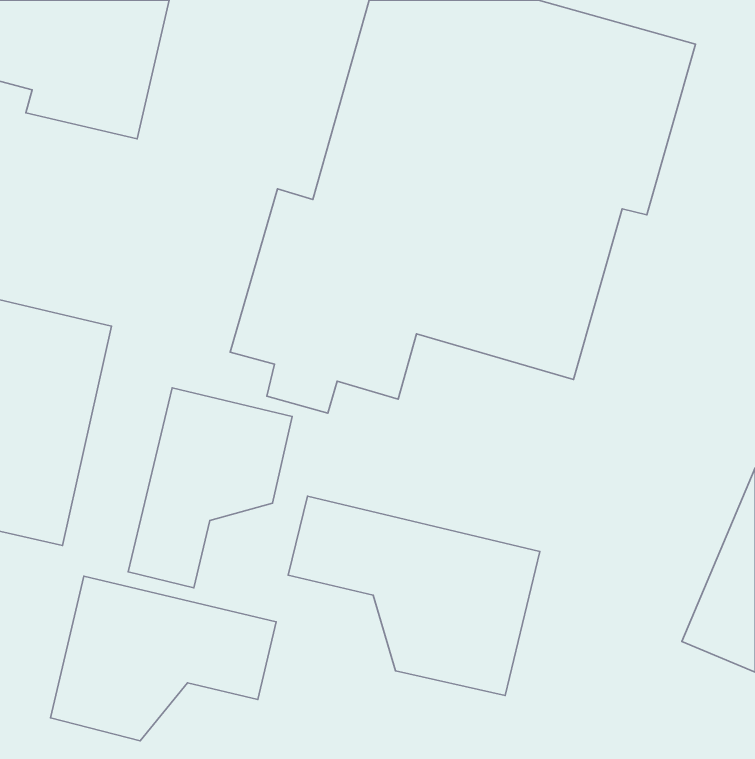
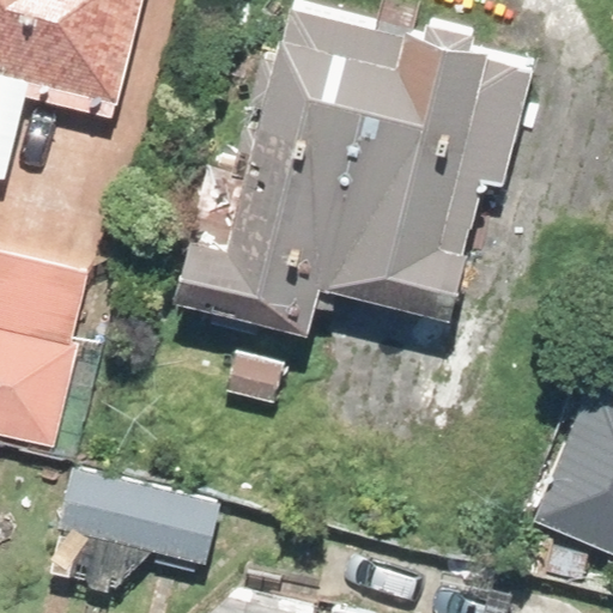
building: [128,388,292,588] -> none
building: [288,496,540,695] -> none

